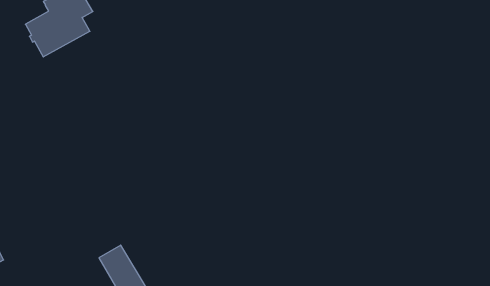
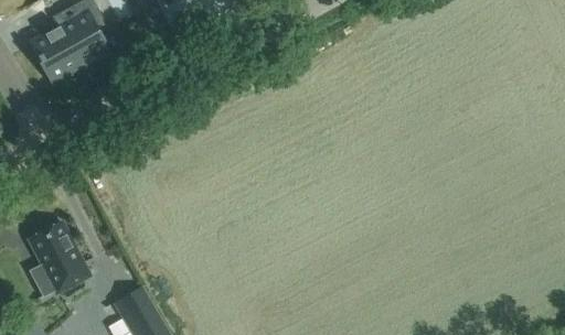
building: none -> [31,223,82,295]

